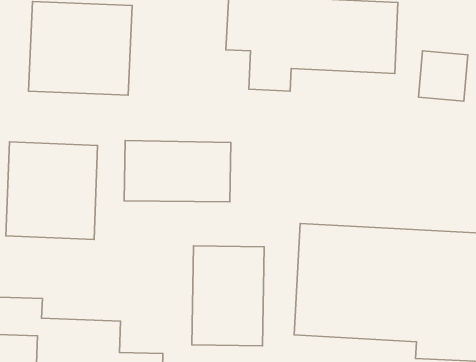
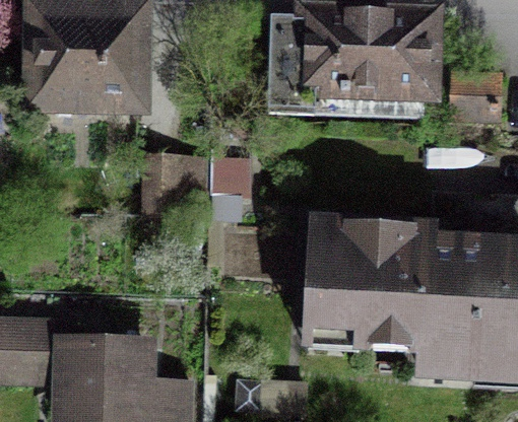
building: [6,142,98,239] -> none
building: [192,246,264,346] -> none

